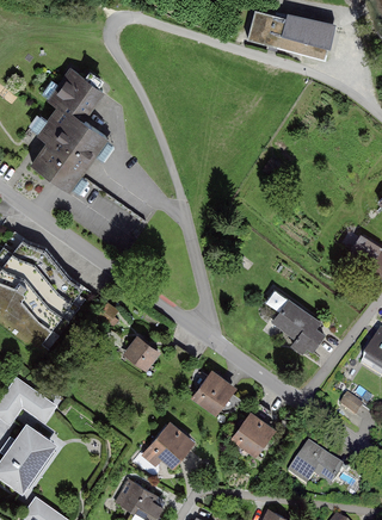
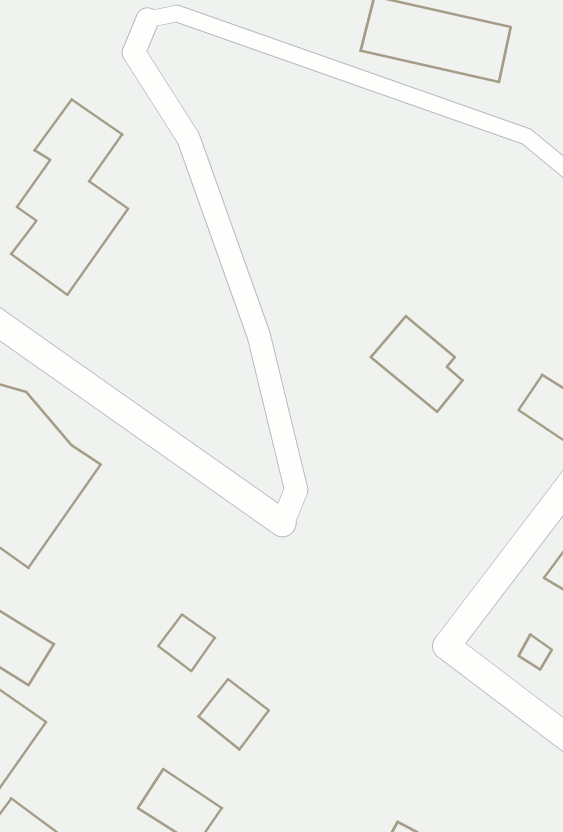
building: [267,293,324,352] -> [371,316,463,412]
building: [125,335,160,370] -> [158,615,215,671]
building: [196,373,234,411] -> none
building: [228,409,272,453] -> none
building: [288,439,349,488] -> none

